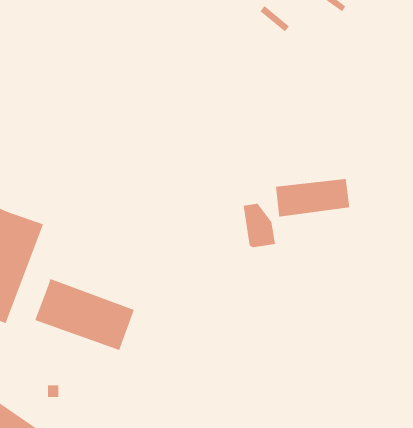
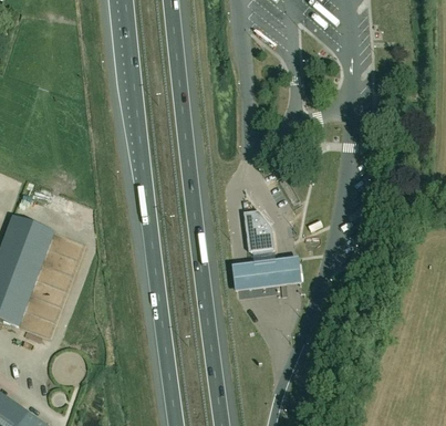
building: [275,178,350,217] -> [231,252,302,289]
building: [35,278,135,351] -> none

